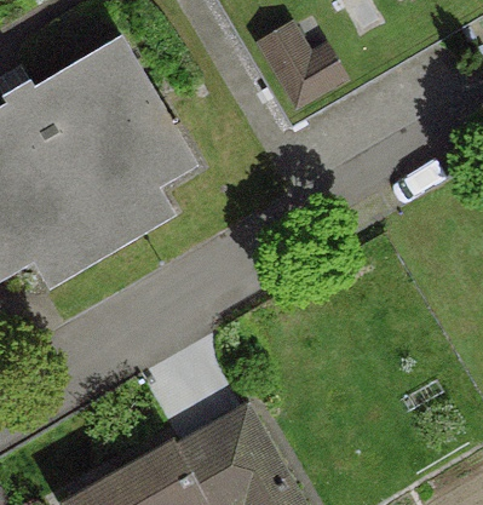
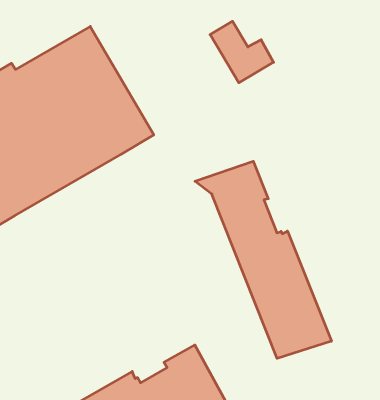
building: none -> [195,161,331,358]

